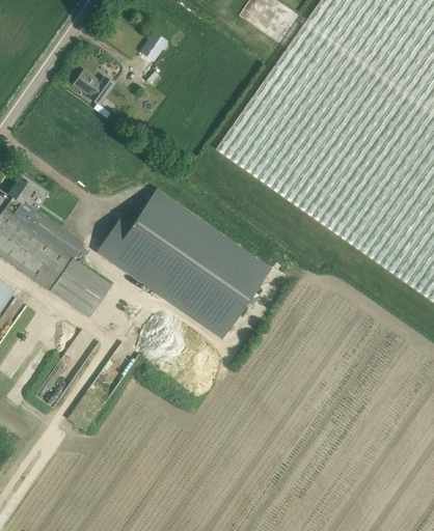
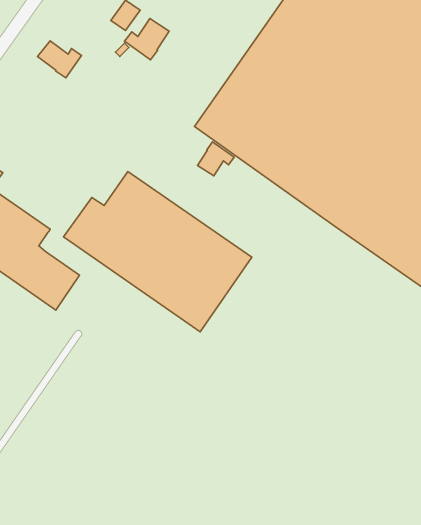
building: none -> [125,18,169,60]
building: none -> [198,142,234,176]

